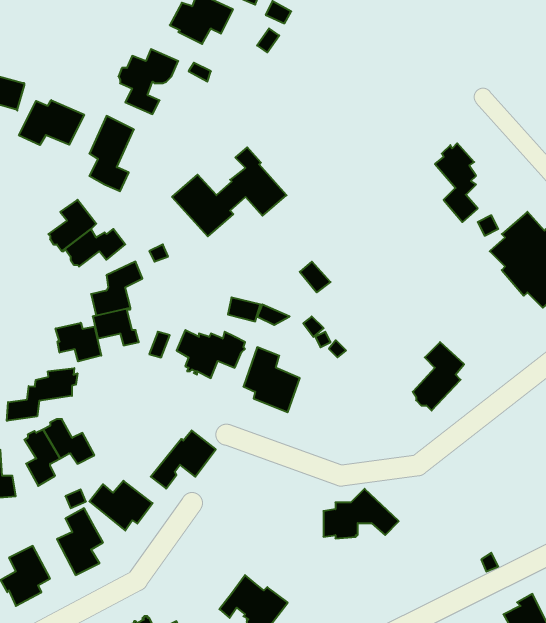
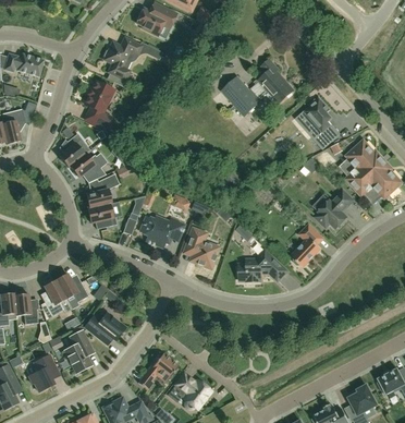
building: [19,100,84,145] -> none
building: [172,147,287,236] -> [221,60,294,117]
building: none -> [317,191,353,229]
building: [56,323,101,361] -> none
building: [7,368,77,421] -> none
building: [151,430,216,489] -> [137,353,179,390]
building: [323,489,399,538] -> [238,251,286,282]

